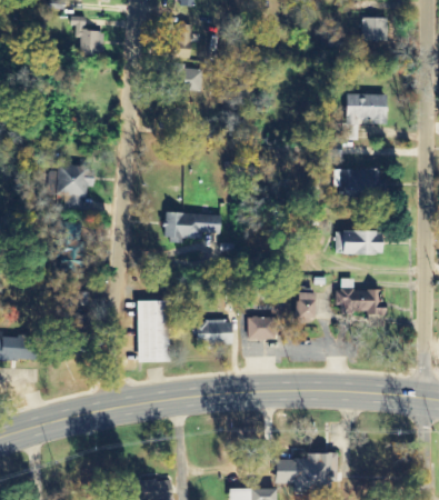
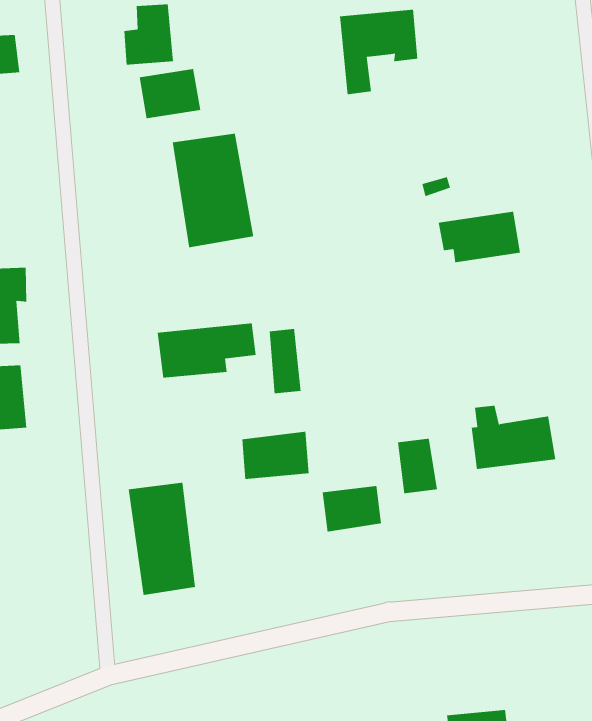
building: [343,93,388,139] -> [339,9,418,95]
building: none -> [172,133,254,248]
building: none -> [269,328,301,394]
building: [335,230,379,254] -> none
building: [192,320,231,344] -> [241,431,310,480]

